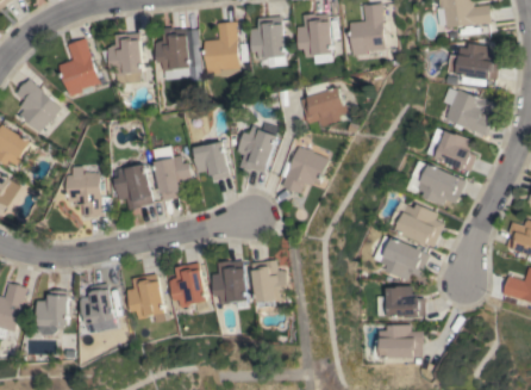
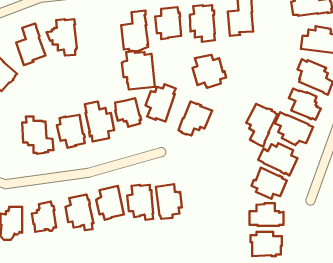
building: [155,27,200,80] -> [122,51,155,89]
building: none -> [246,104,277,146]

